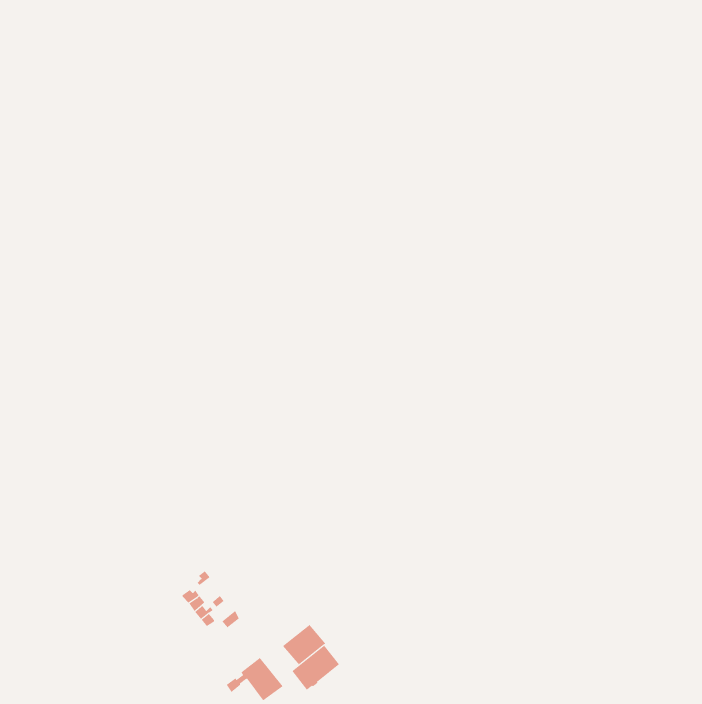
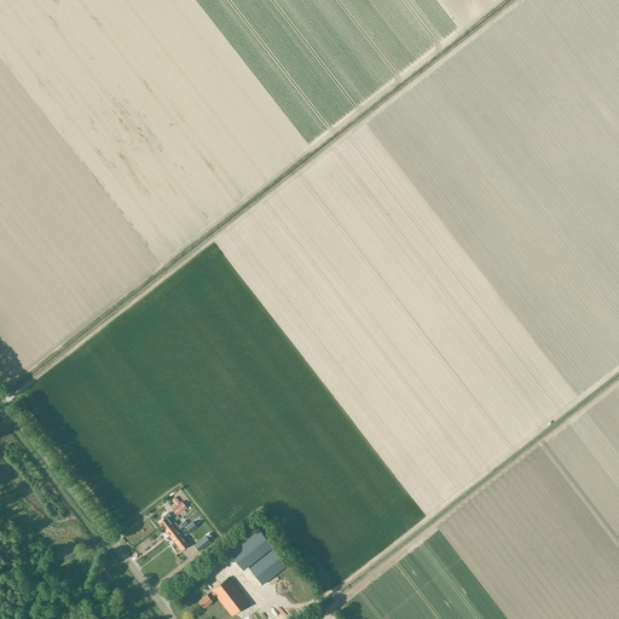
building: [292,645,340,690] -> [231,530,273,569]

